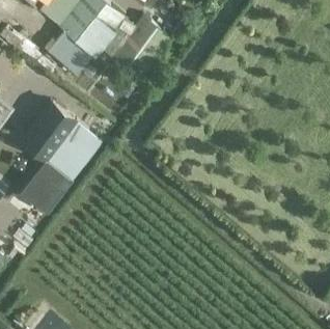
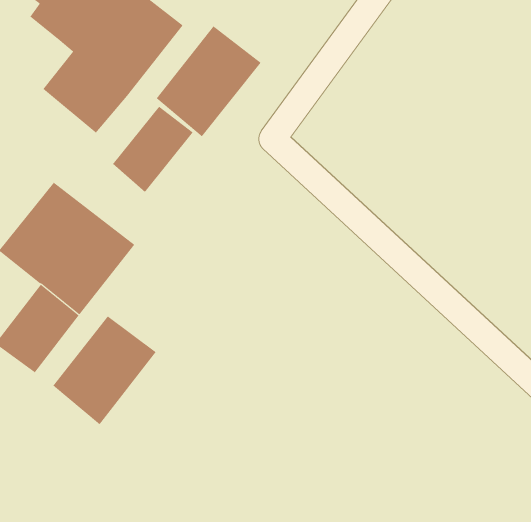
building: none -> [112,106,193,193]
building: none -> [53,315,156,425]

